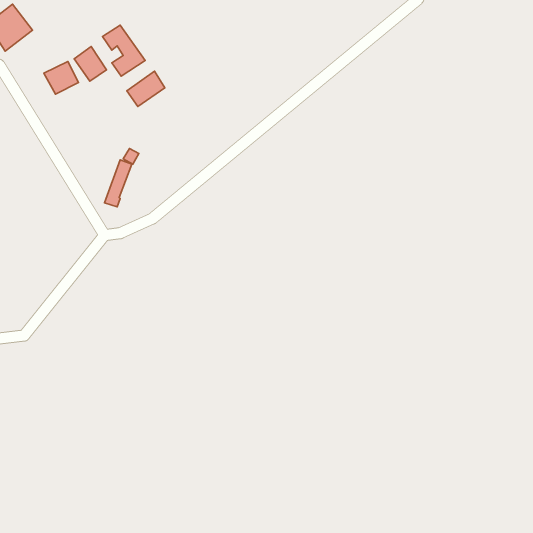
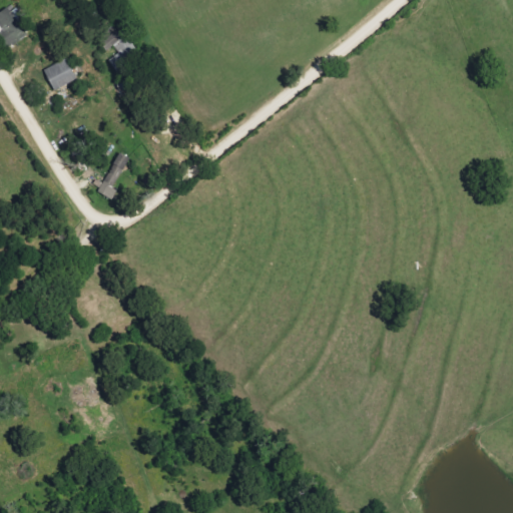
building: [74,46,106,81] -> none
building: [127,71,165,107] -> none

